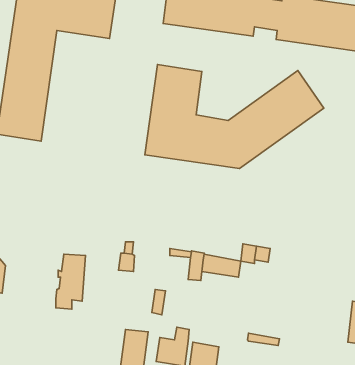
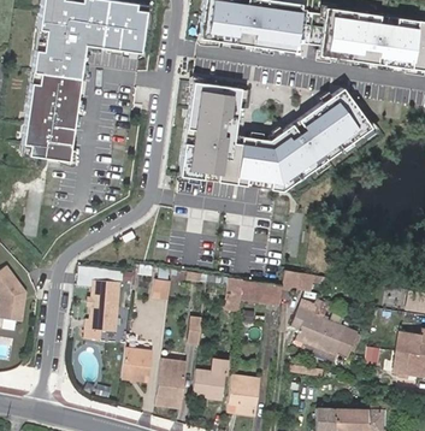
building: none -> [290,300,358,362]
building: none -> [122,349,149,380]

